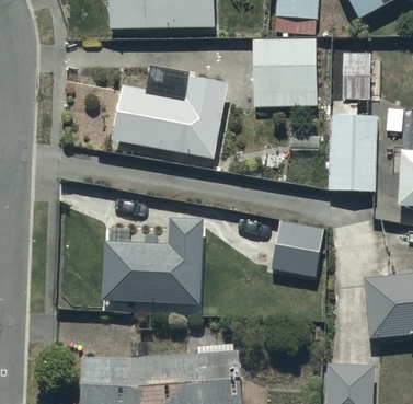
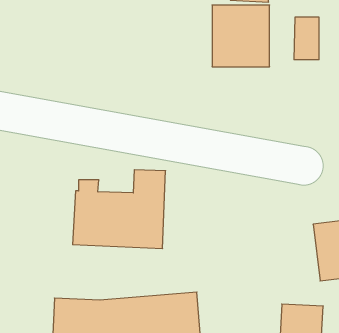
building: [113,74,229,168] -> none
building: [329,101,377,191] -> none
building: [272,221,322,277] -> none

